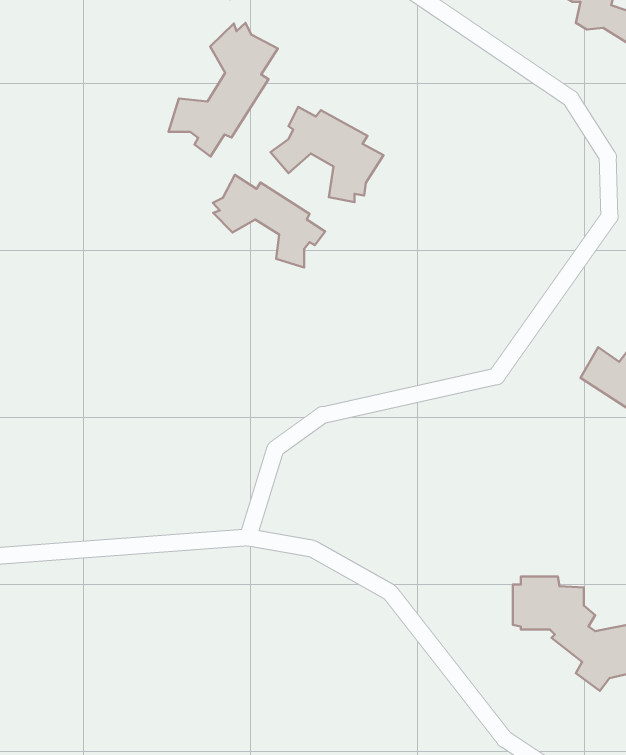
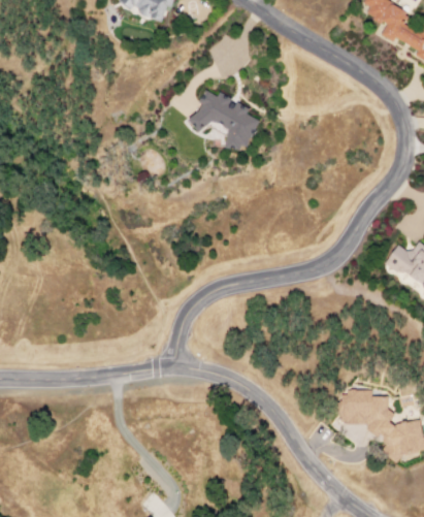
building: [168,23,278,157] -> none
building: [213,175,325,267] -> none

